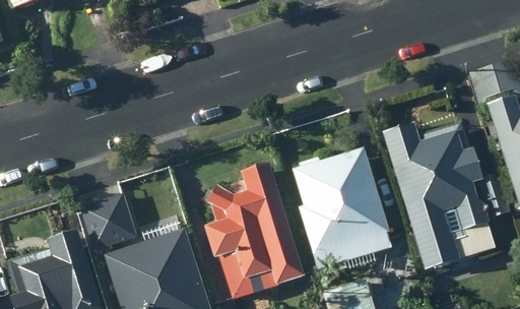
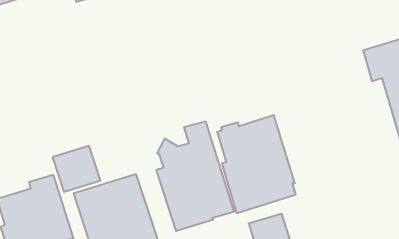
building: [378,124,504,272] -> none

